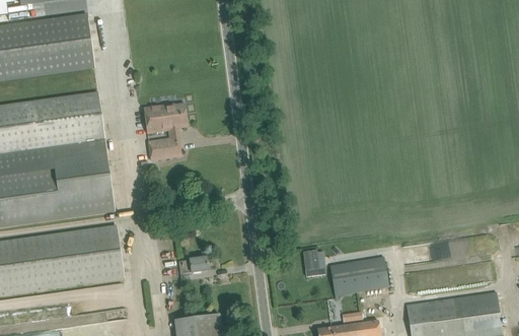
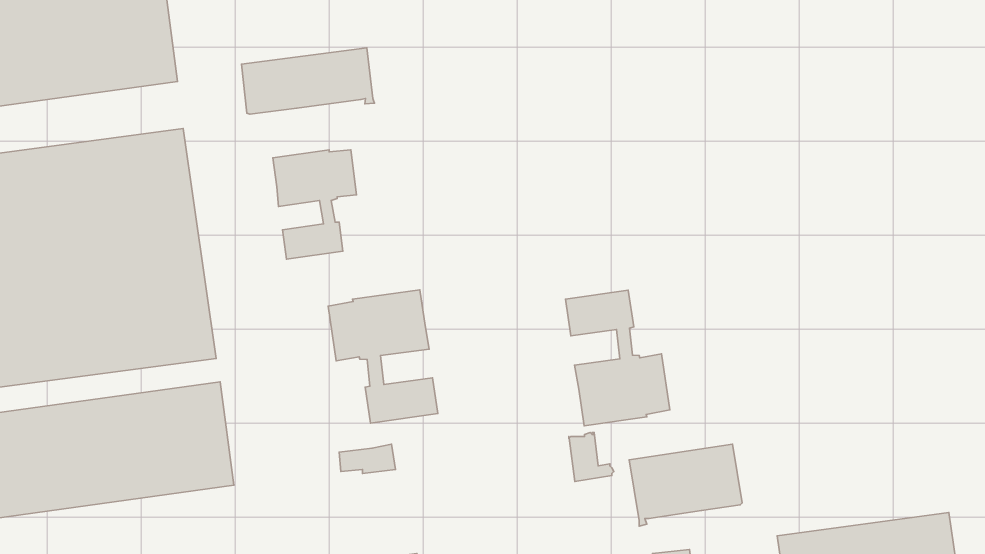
building: none -> [242,48,374,114]
building: none -> [328,290,438,423]
building: none -> [566,290,670,426]

